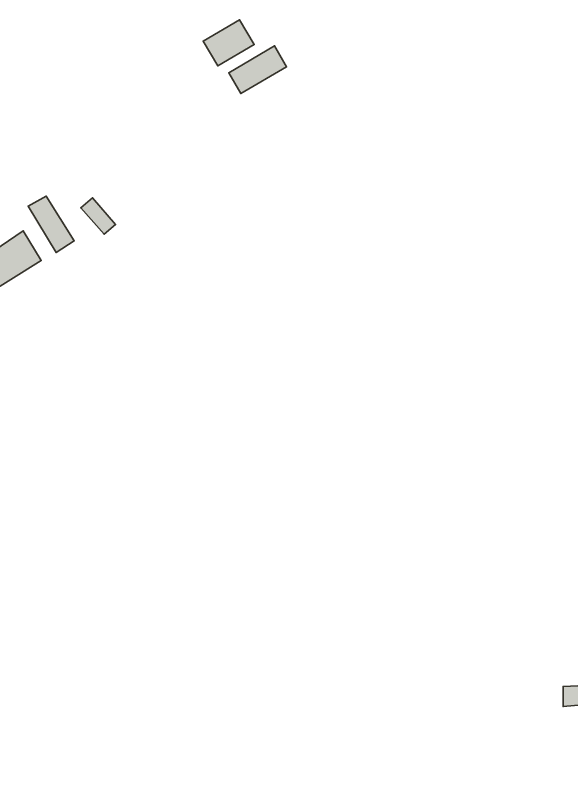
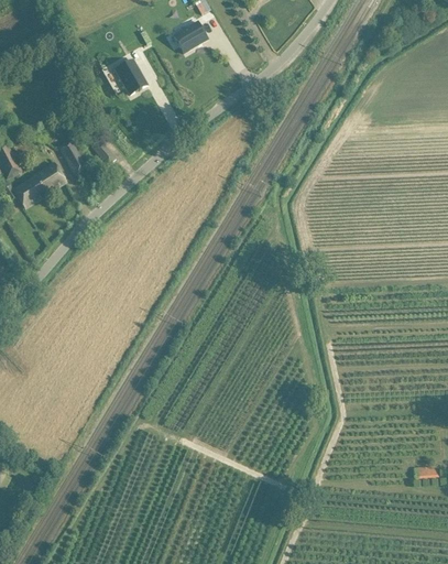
building: [229,46,287,94] -> none
building: none -> [116,58,147,94]

